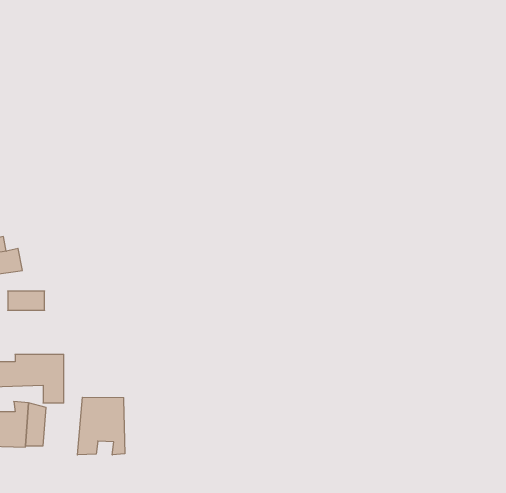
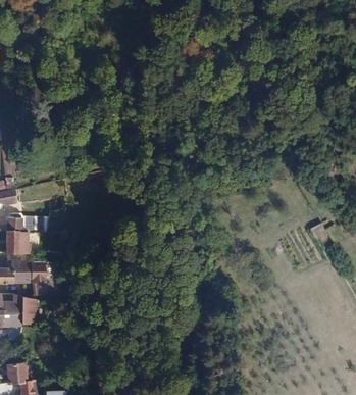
building: none -> [8,231,30,253]
building: [77,397,125,455] -> none

